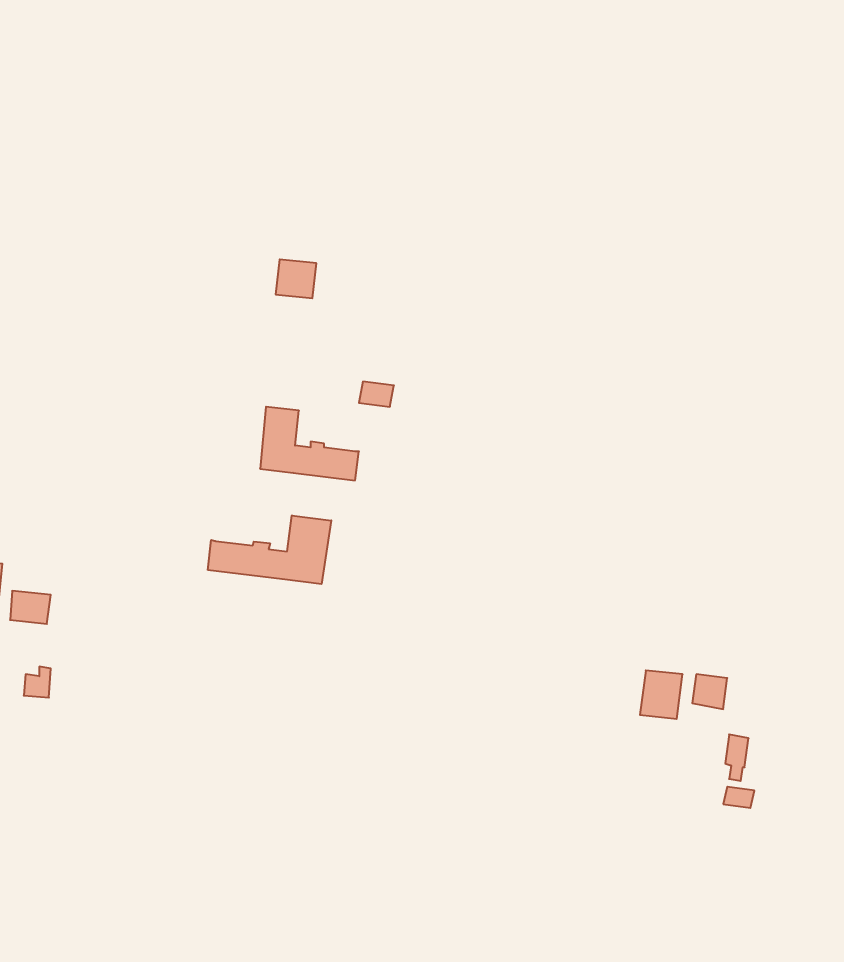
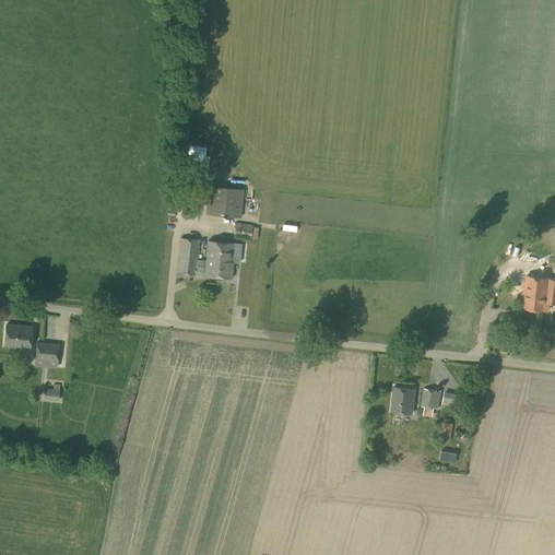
building: none -> [205,181,244,217]
building: none -> [206,239,234,262]
building: [208,515,331,584] -> none

